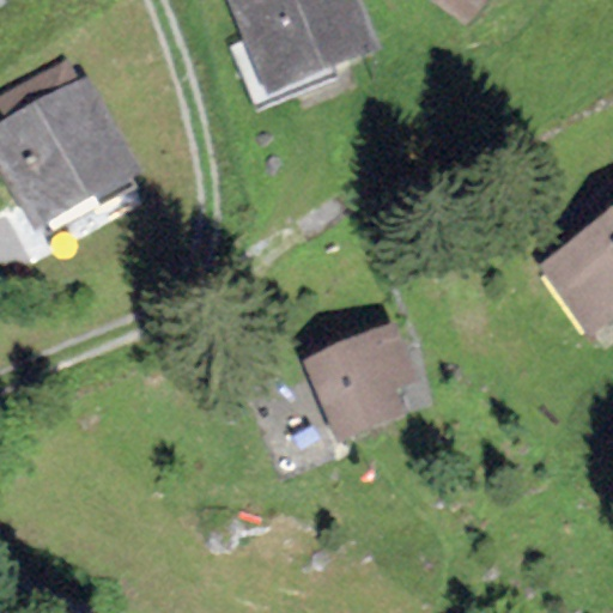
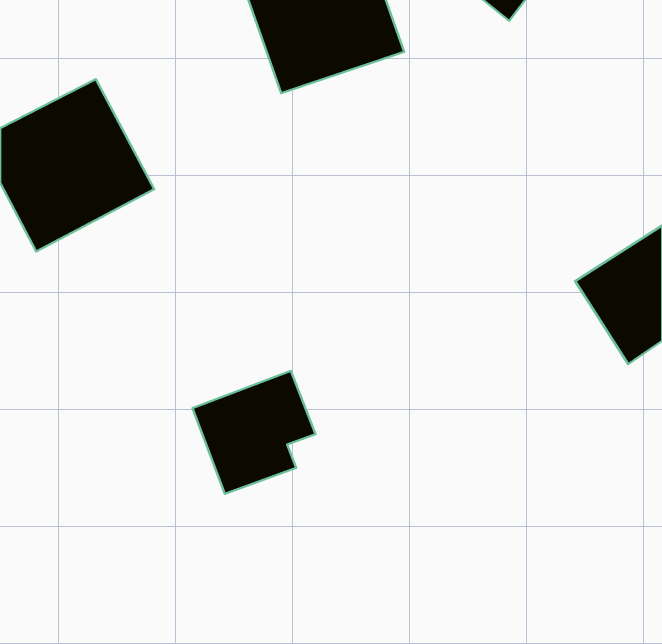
building: [305,324,419,438] -> [192,371,316,494]

